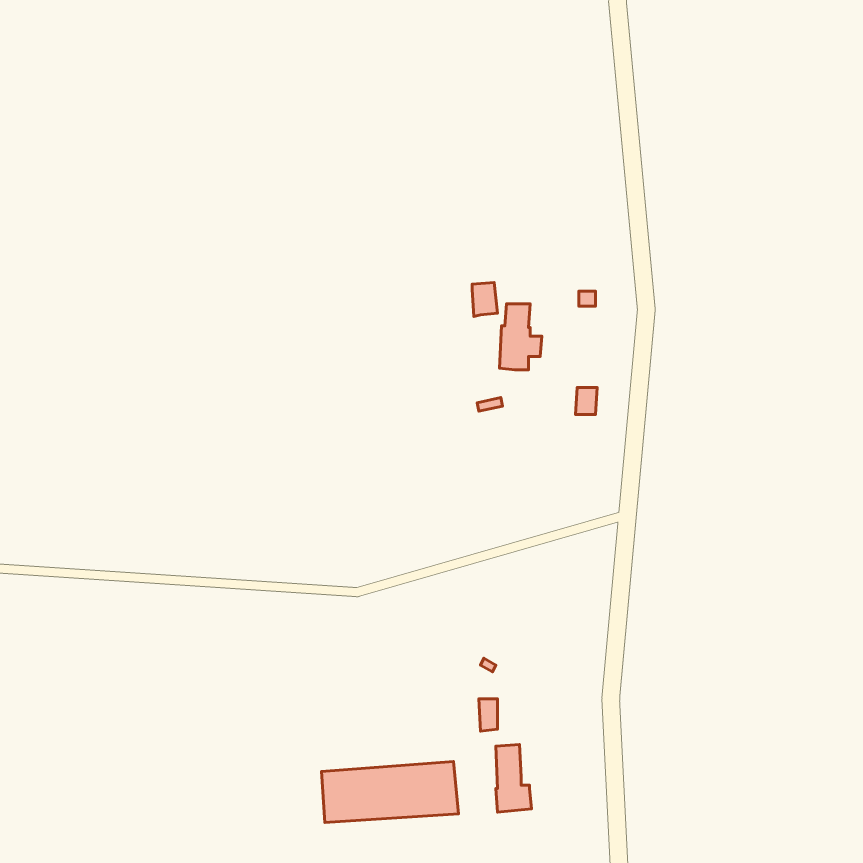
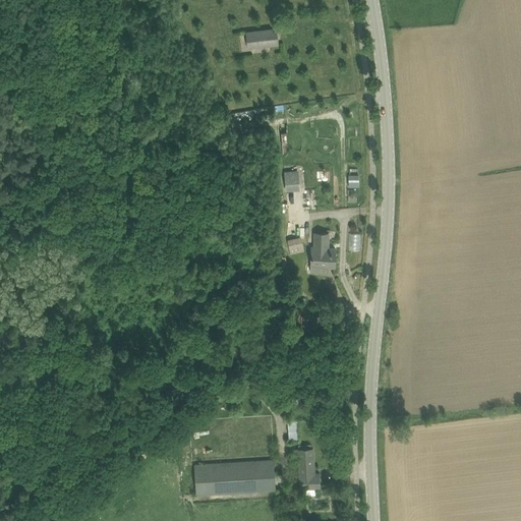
building: none -> [246,28,279,49]
building: [500,304,542,370] -> [309,234,335,274]

